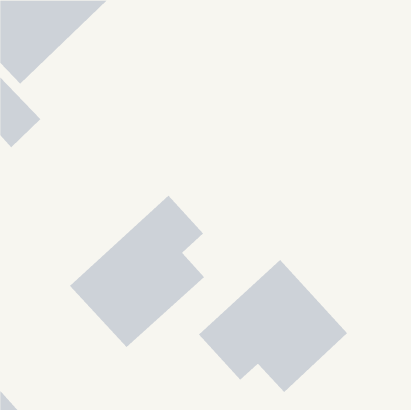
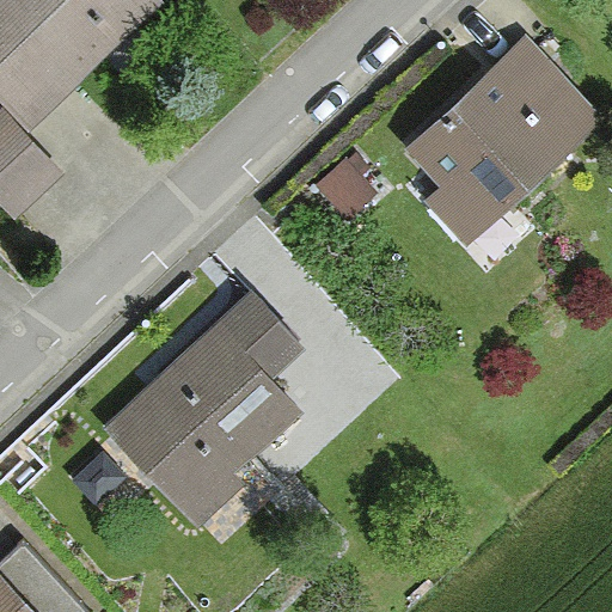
building: none -> [410,42,599,227]
building: [198,259,348,393] -> none

